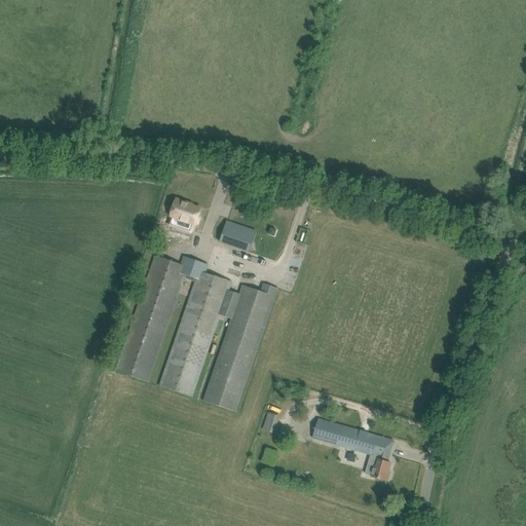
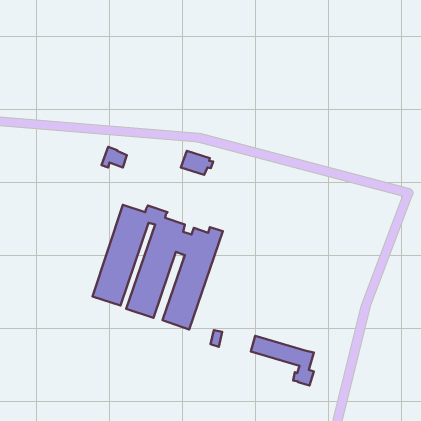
building: [167,198,199,224] -> [101,147,127,168]
building: [219,221,259,251] -> [181,151,213,175]

